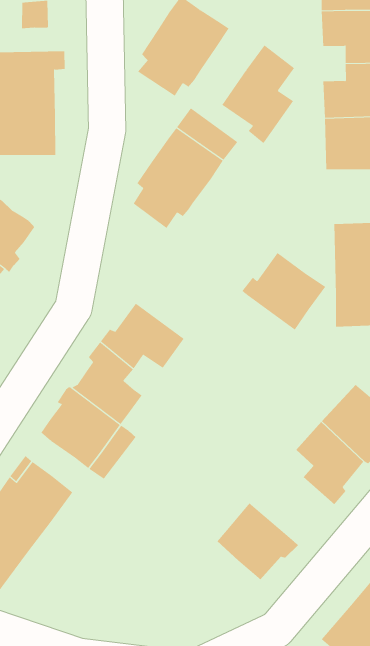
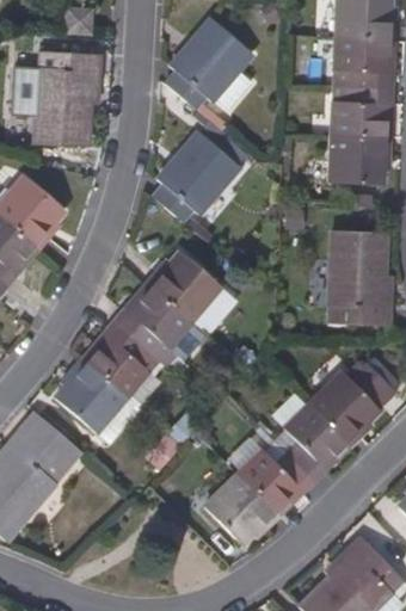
building: [222,45,295,144] -> none
building: [242,252,326,330] -> [146,249,222,321]
building: none -> [238,450,314,511]

